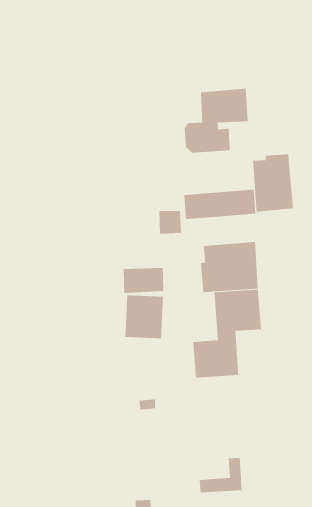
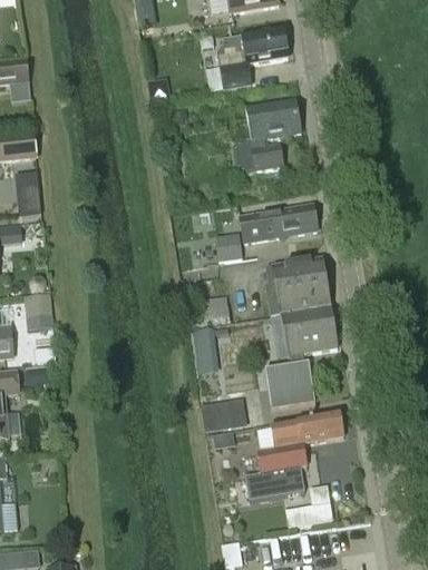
building: none -> [217,26,288,89]
building: [252,153,293,213] -> none
building: none -> [202,399,246,430]
building: none -> [245,411,342,500]

